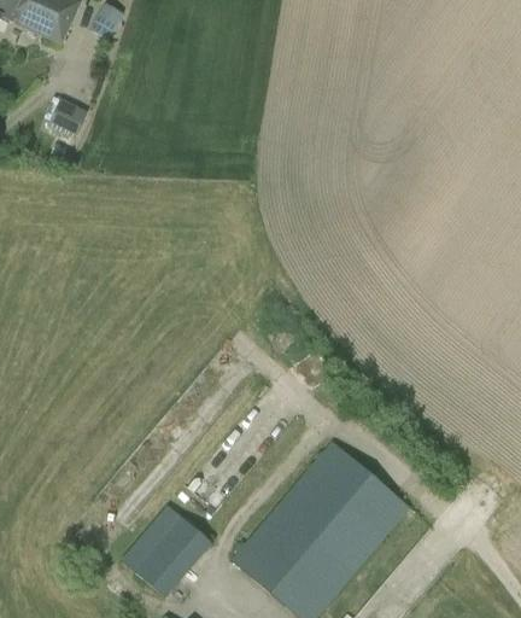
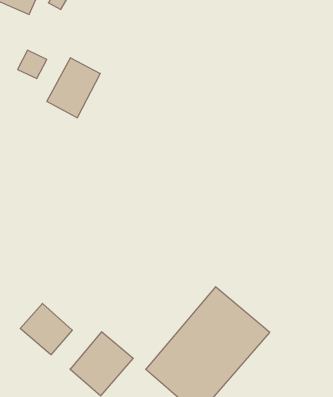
building: none -> [47,58,100,118]
building: none -> [20,303,72,355]

